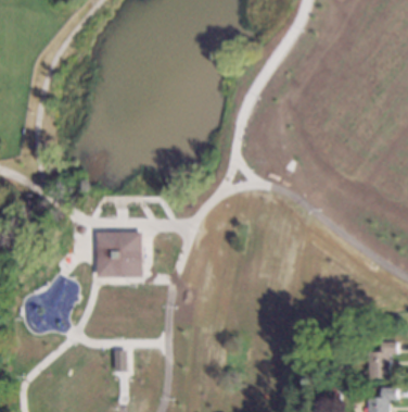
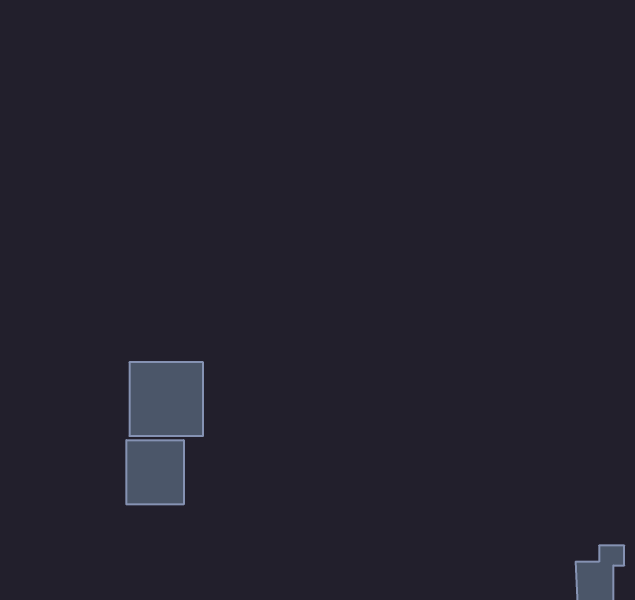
building: none -> [126,440,184,504]

